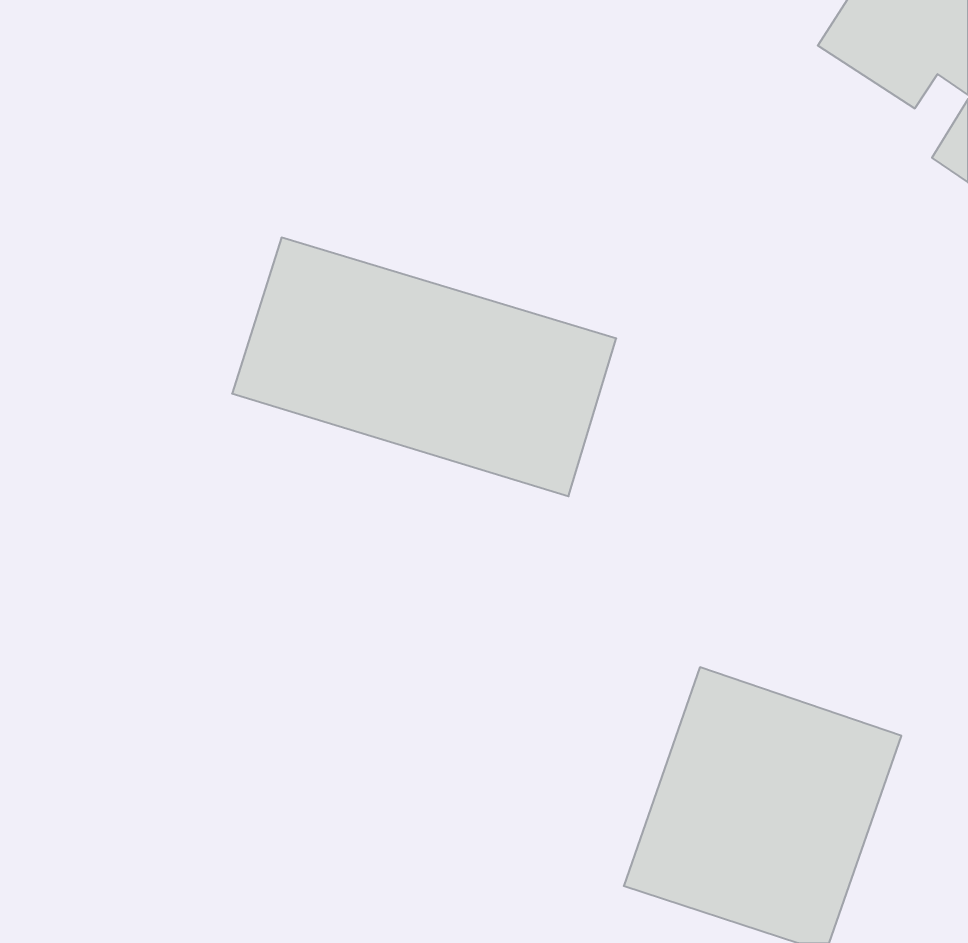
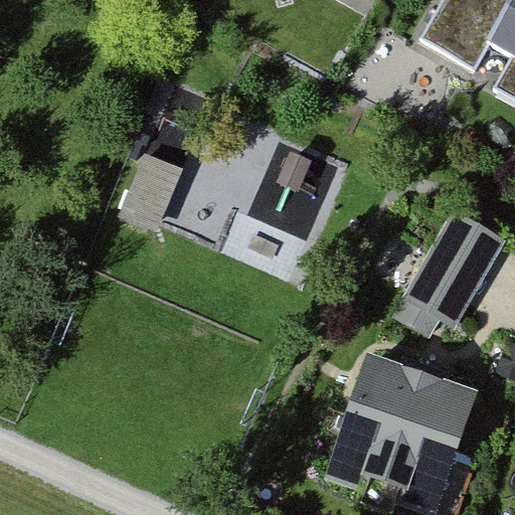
building: none -> [406,212,508,322]

